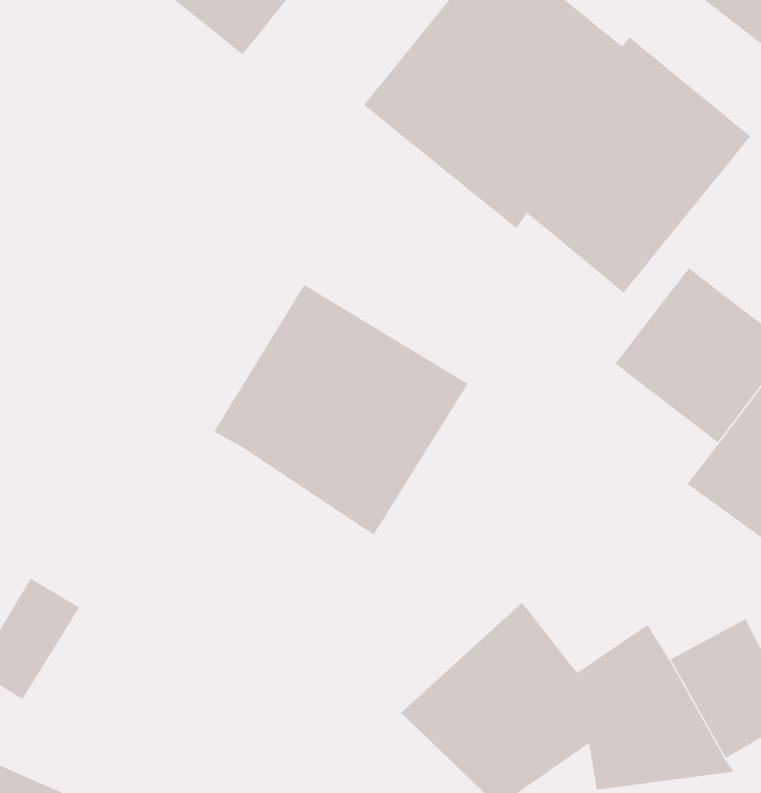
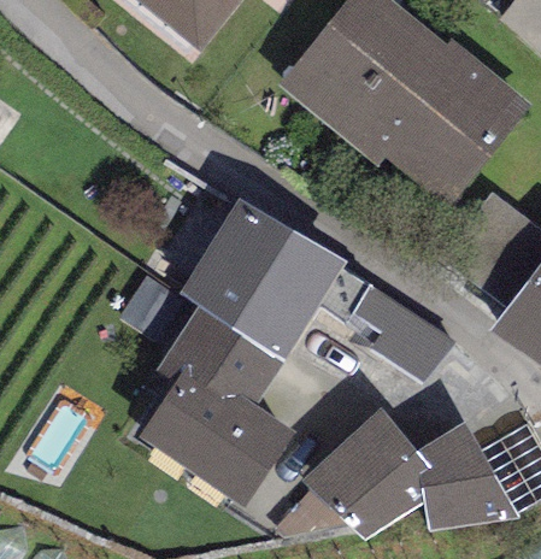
building: none -> [348,277,458,387]
building: none -> [141,306,296,510]

